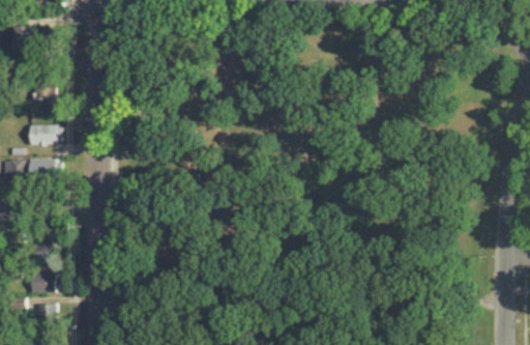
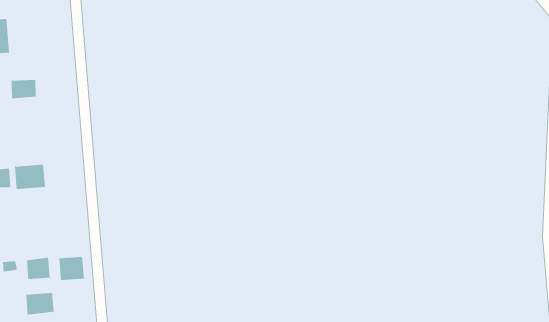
building: [28,125,61,144] -> none
building: none -> [59,256,84,281]

